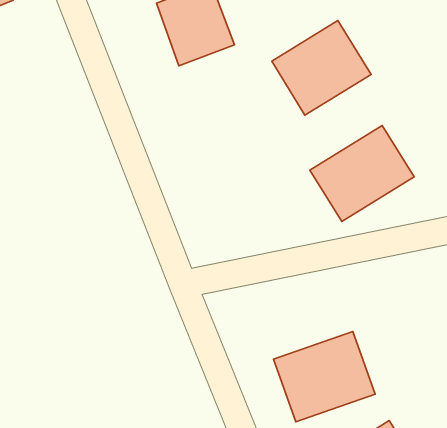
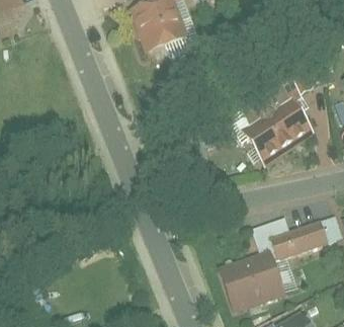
building: [272,20,371,115] -> none
building: none -> [272,219,332,258]

